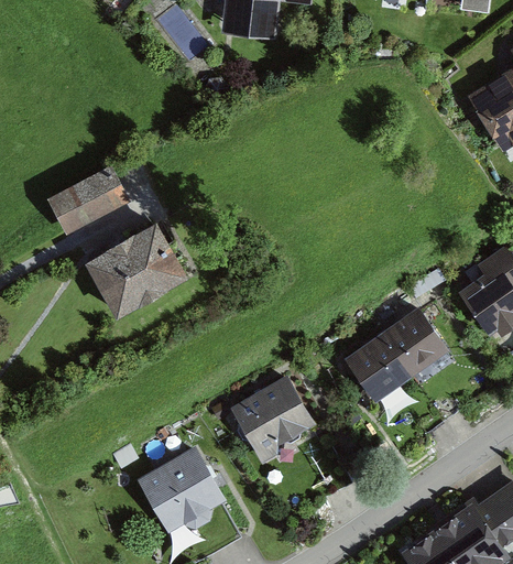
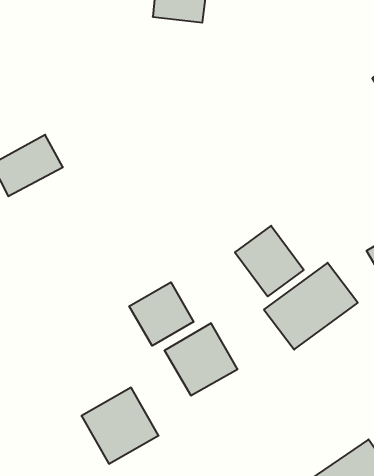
building: [79,221,183,318] -> none
building: none -> [235,226,304,296]
building: none -> [129,282,194,346]

